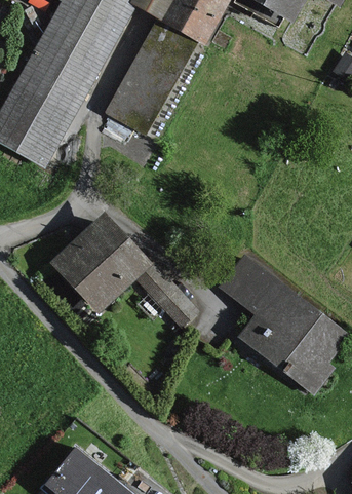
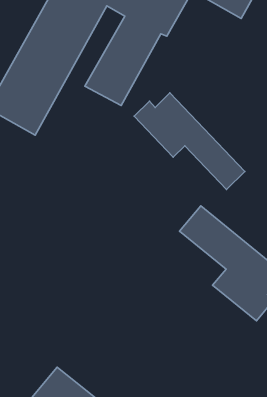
building: none -> [134,93,245,189]
building: [48,214,194,326] -> none

